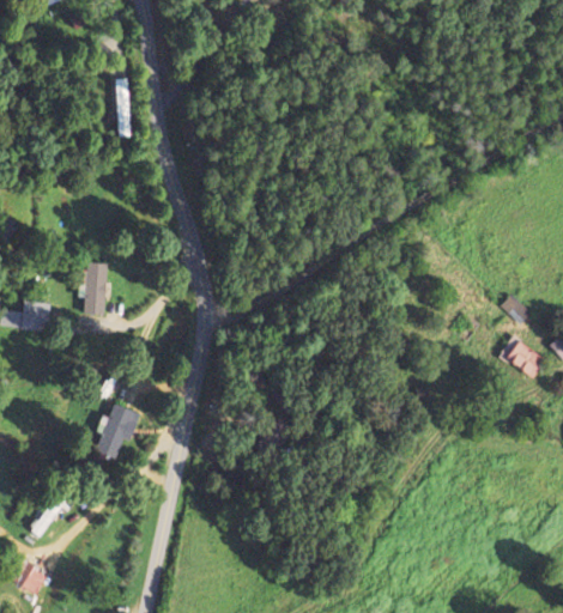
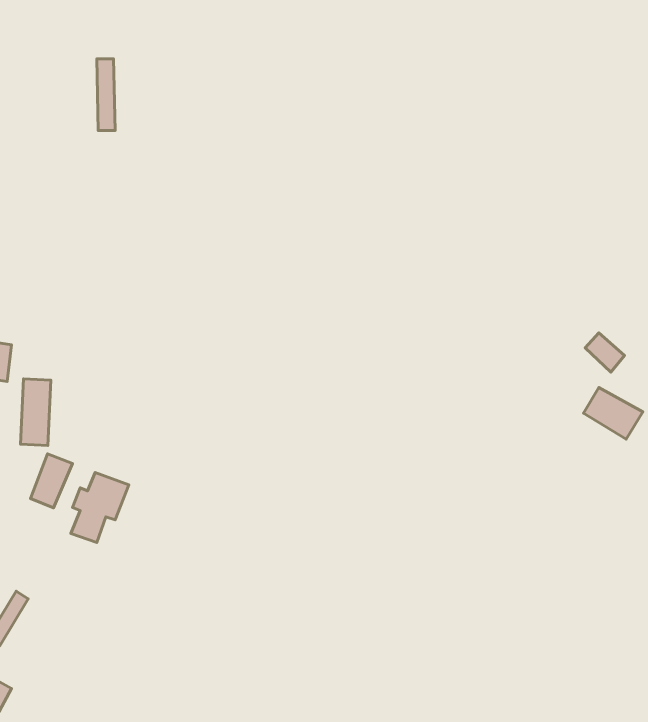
building: [84,263,108,316] -> [20,379,51,446]
building: none -> [30,454,73,508]

